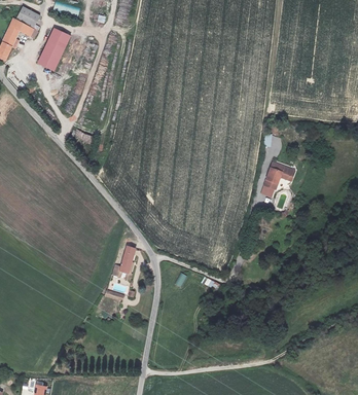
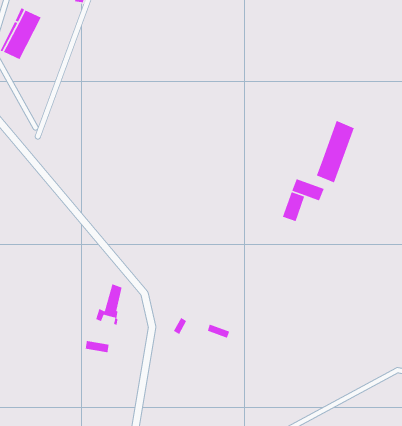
building: none -> [316,120,355,184]

